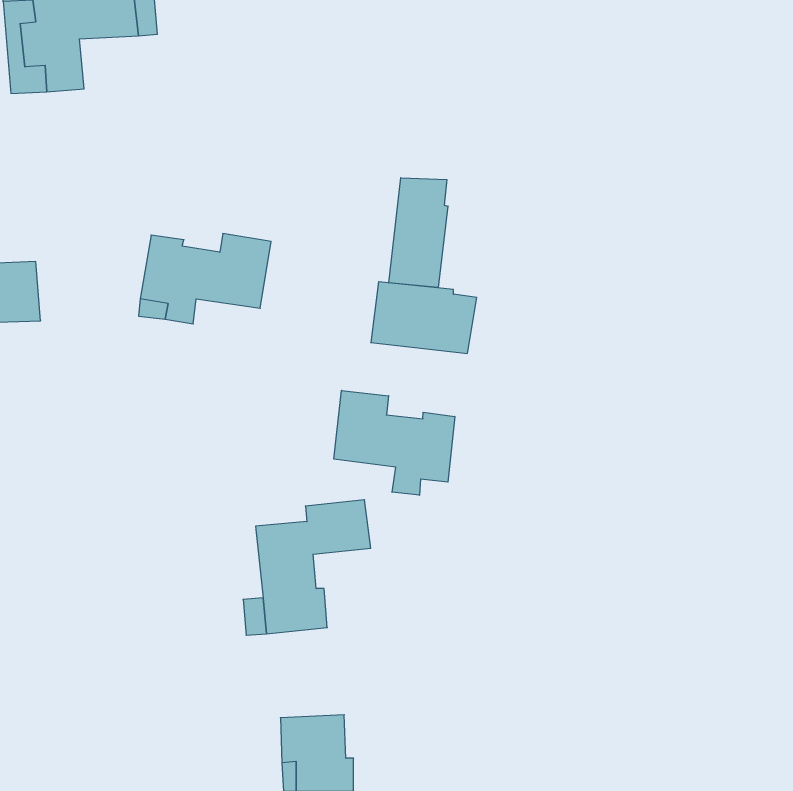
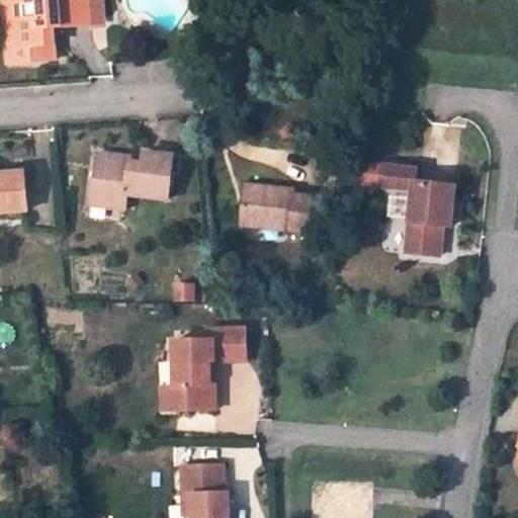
building: [389,178,448,287] -> none
building: none -> [379,164,453,254]
building: [334,390,455,495] -> none

